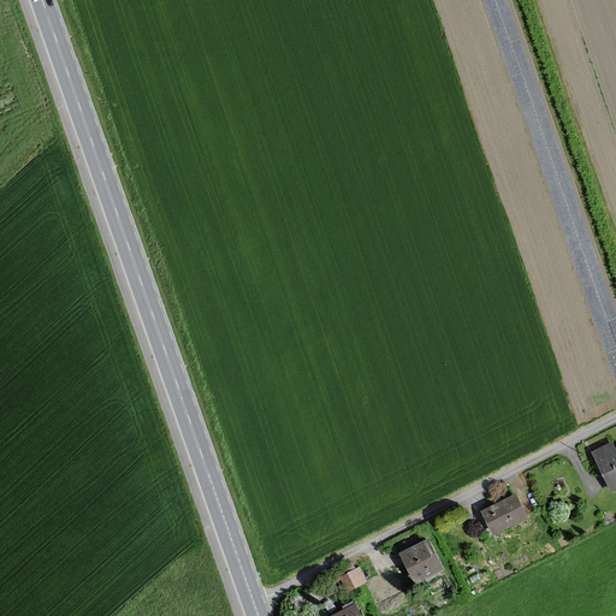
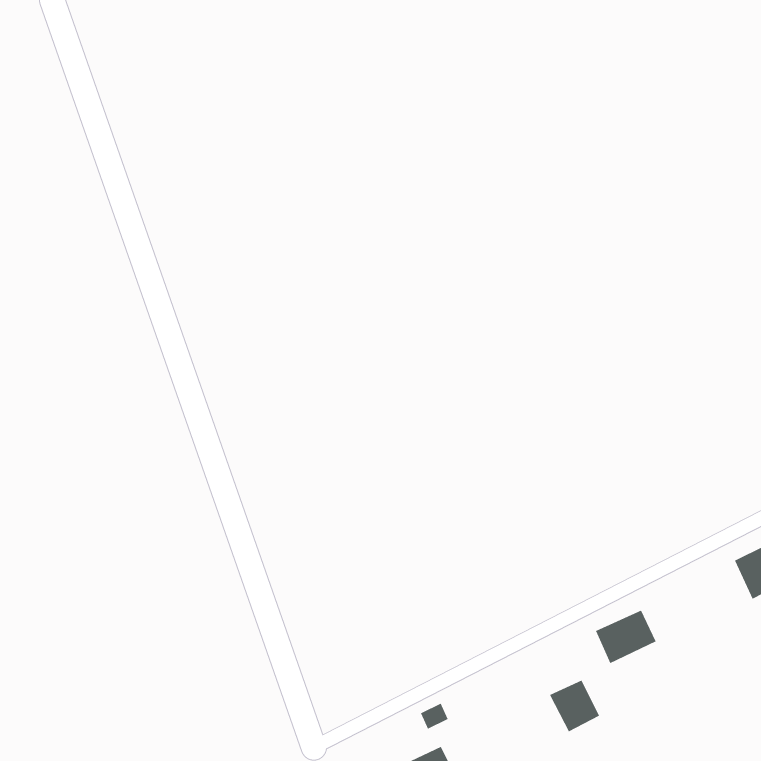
building: [398,540,439,582] -> [549,680,600,732]

